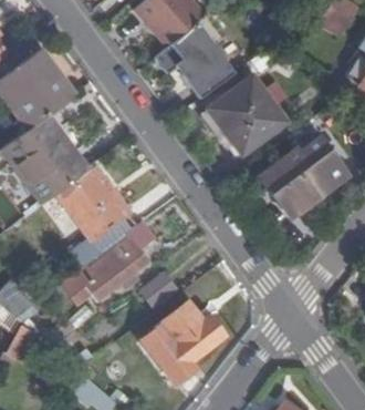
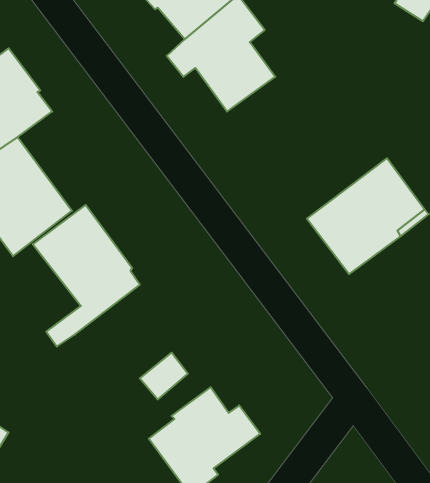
building: [209,76,286,154] -> none
building: [63,237,149,304] -> none

